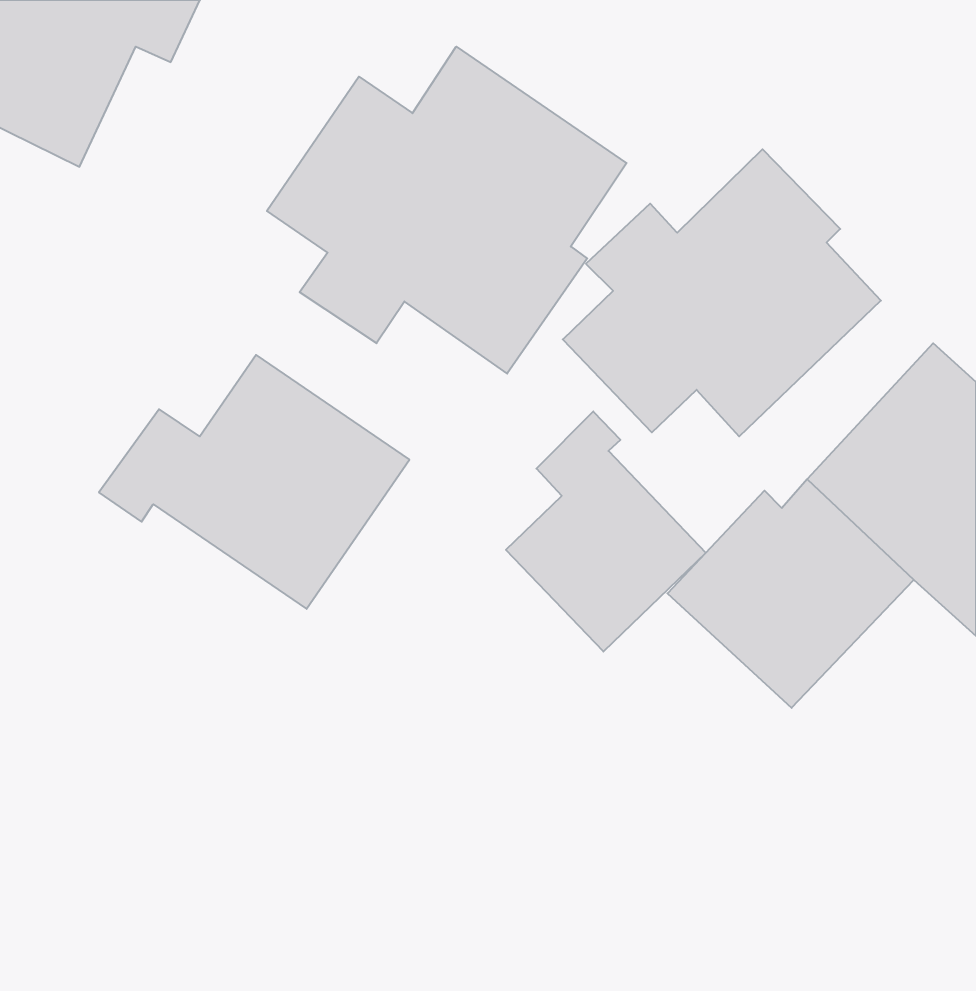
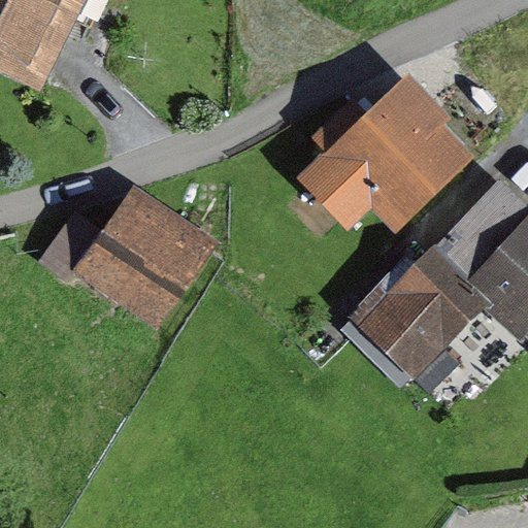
building: [267,47,627,374] -> none
building: [506,411,706,652] -> none

